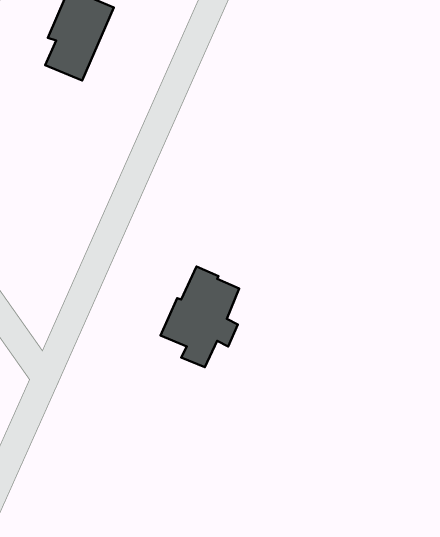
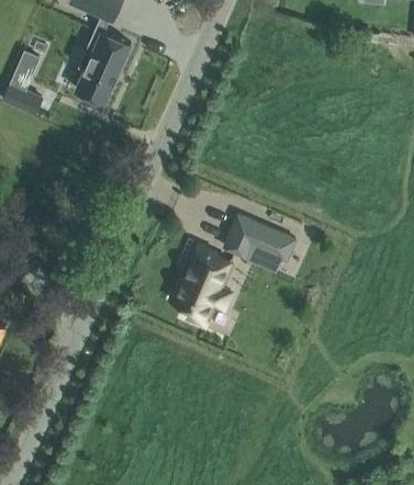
building: none -> [224,215,295,260]

